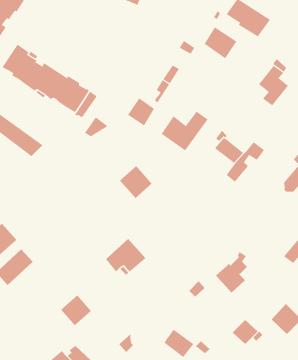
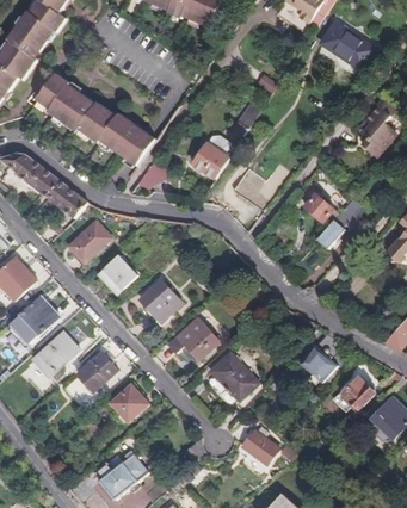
building: [204,26,237,59] -> none
building: none -> [69,219,112,261]
building: [119,165,153,199] -> [140,279,181,321]
building: none -> [98,254,137,293]
building: none -> [73,352,115,392]
building: none -> [212,352,266,414]
building: [232,319,258,345] -> [341,377,375,409]

